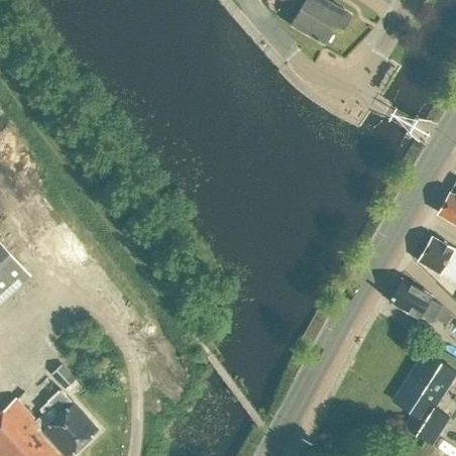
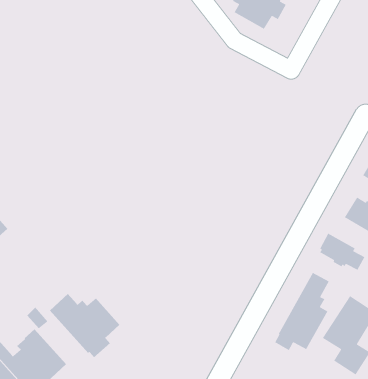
building: none -> [274,272,330,351]
building: none -> [49,293,120,358]

